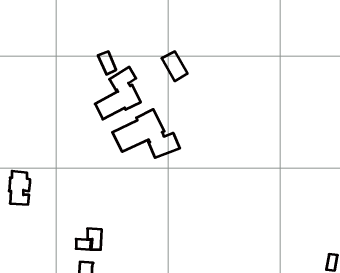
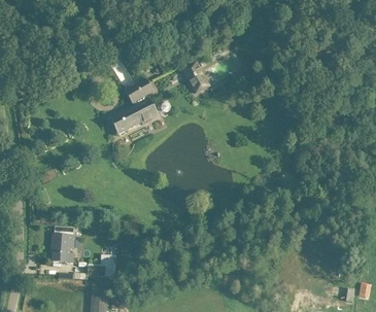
building: [112,109,180,158] -> none
building: [9,171,30,204] -> [52,228,74,264]

